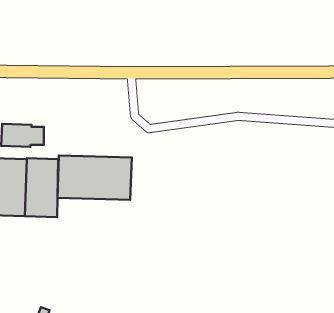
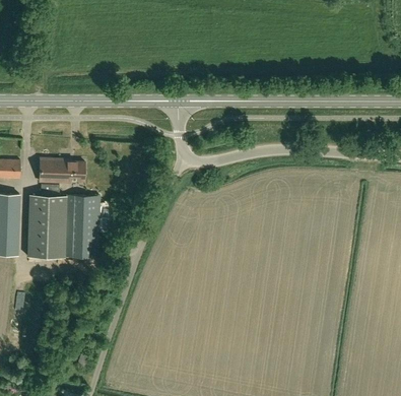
building: [57,155,132,200] -> none

